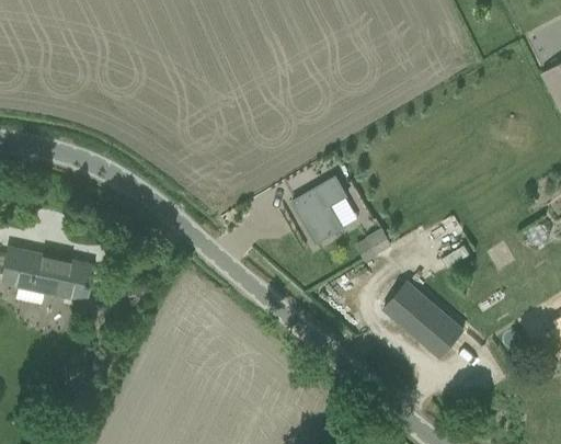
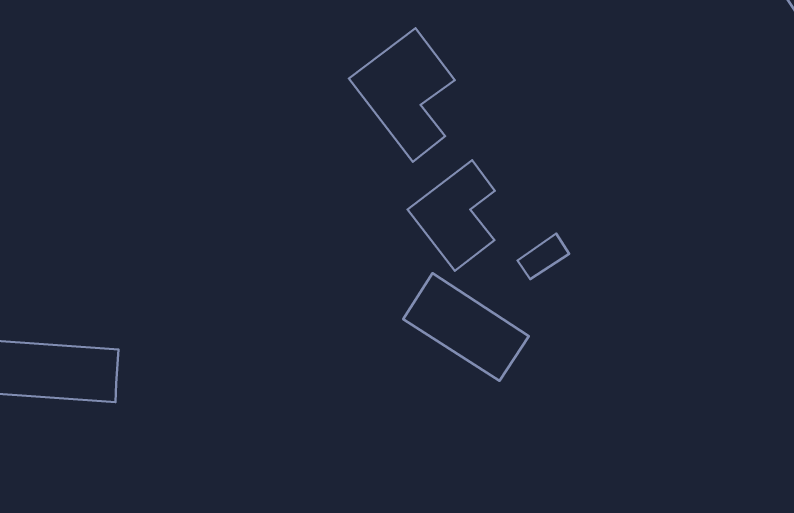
building: none -> [349,28,455,162]
building: [385,282,465,357] -> [403,273,529,381]

